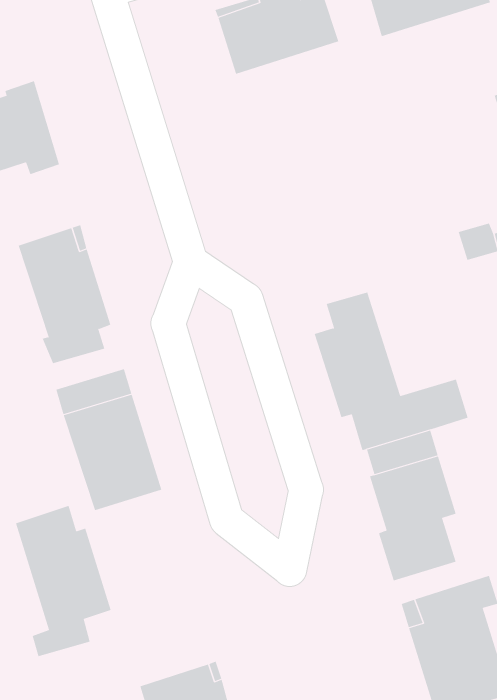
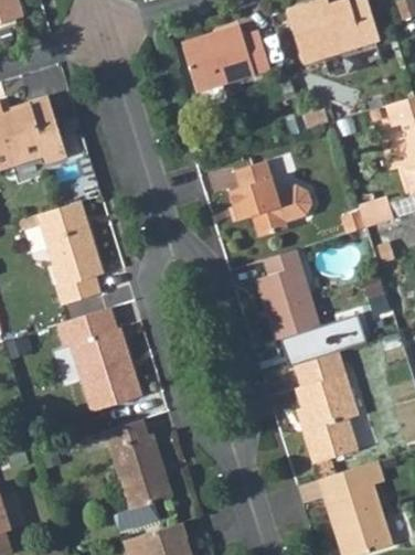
building: none -> [228,161,312,238]
building: [15,505,111,657] -> [103,418,173,530]

